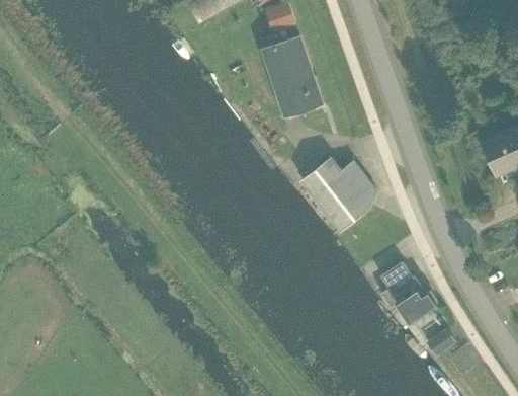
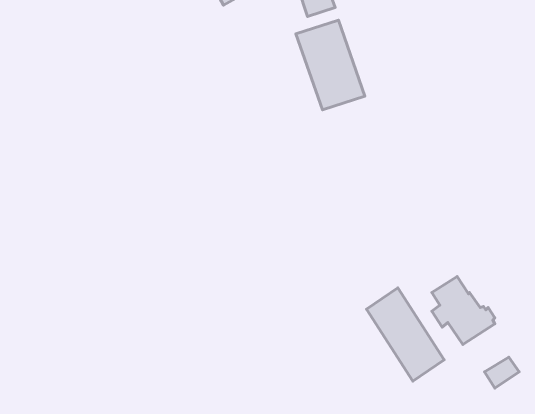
building: [301,158,376,228] -> none
building: none -> [366,288,444,381]

